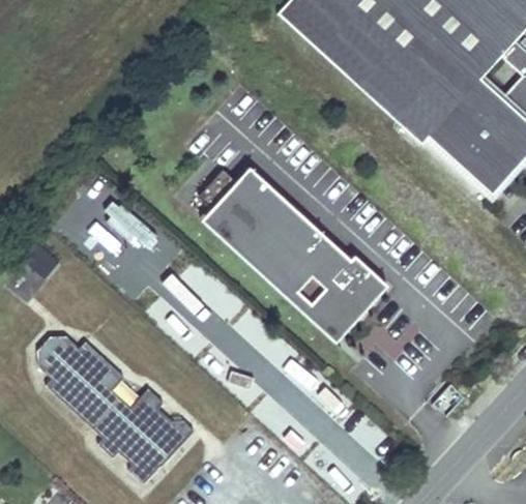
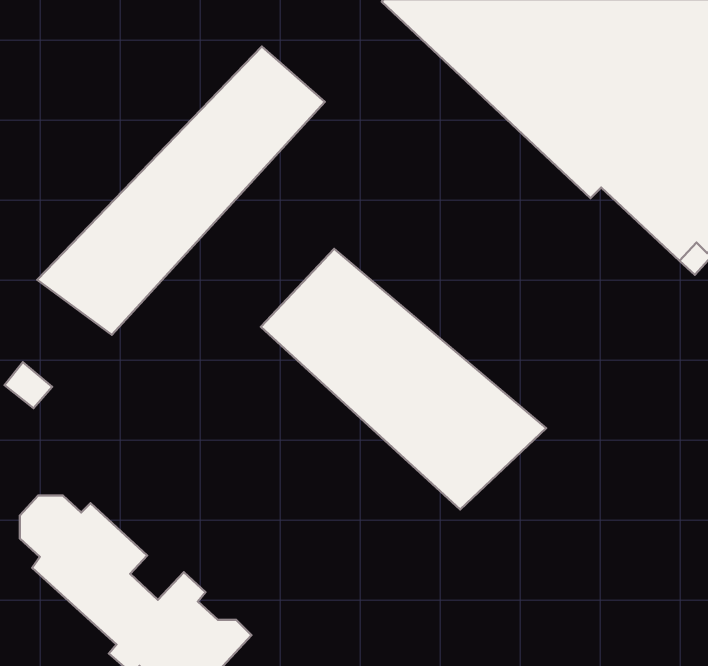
building: none -> [37,47,325,335]

